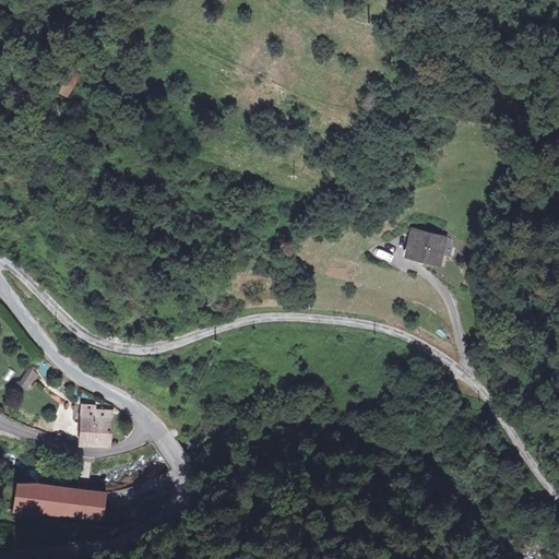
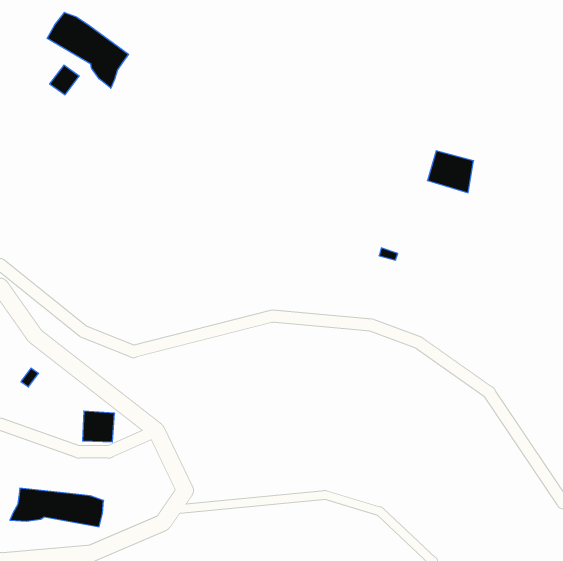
building: none -> [47,12,129,88]
building: [401,224,447,265] -> [427,151,474,193]

